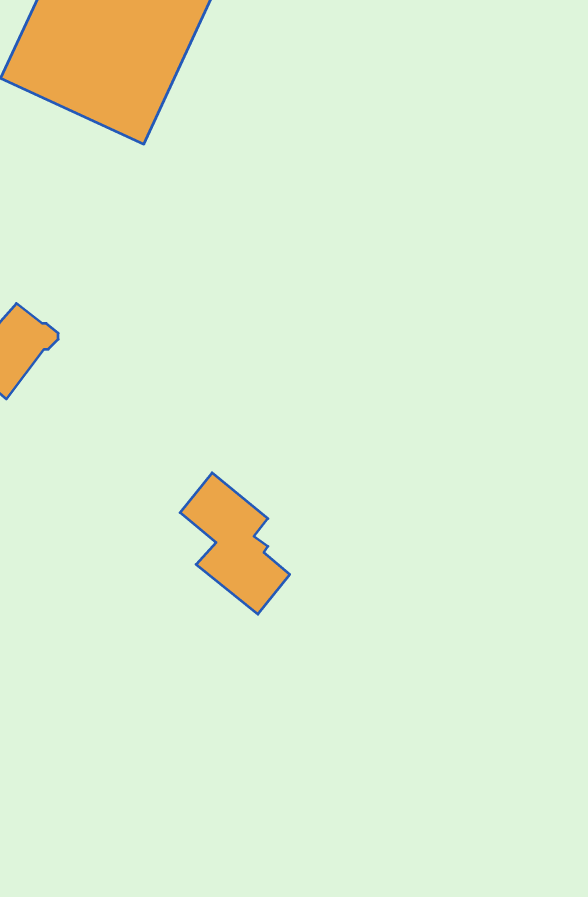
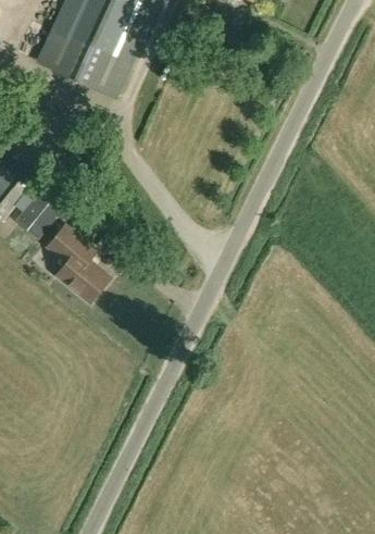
building: [180,473,290,614] -> [47,223,107,300]

